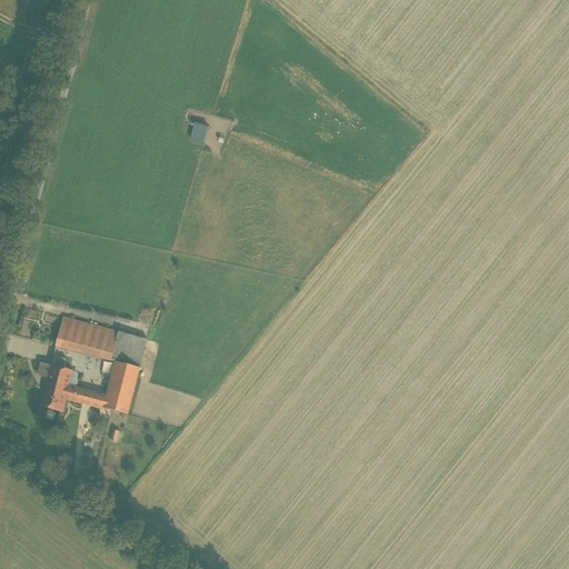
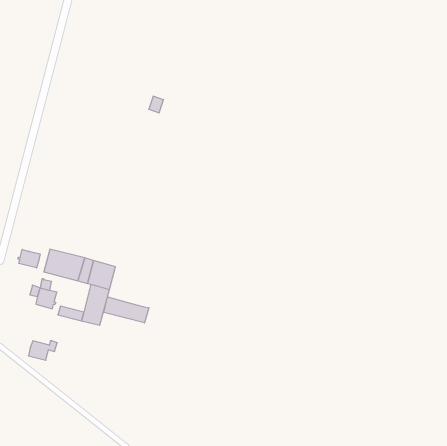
building: none -> [18,249,40,268]
building: none -> [104,297,149,323]
building: [40,387,77,411] -> [28,341,57,360]

